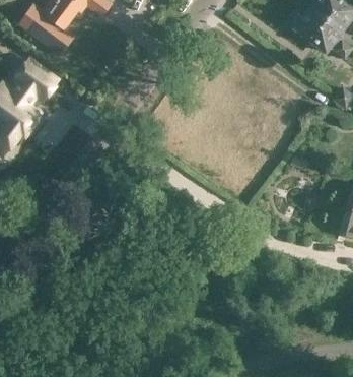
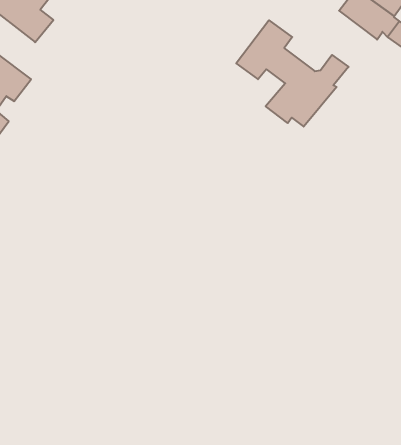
building: none -> [236,20,349,127]

